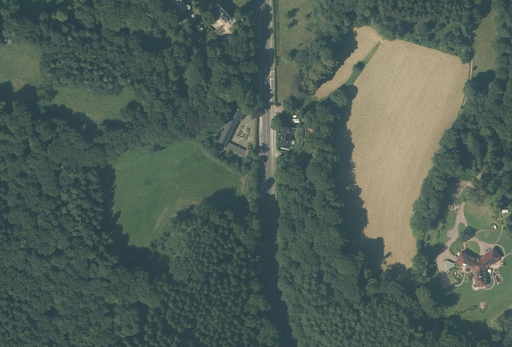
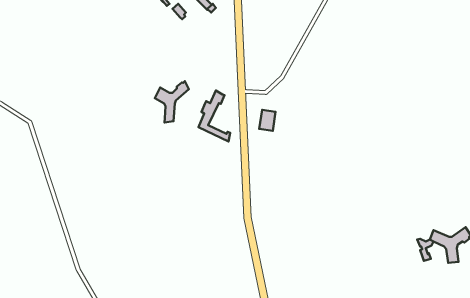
building: none -> [155,81,189,123]

